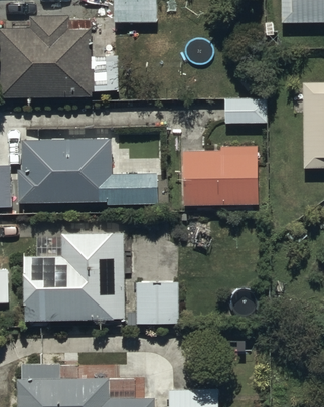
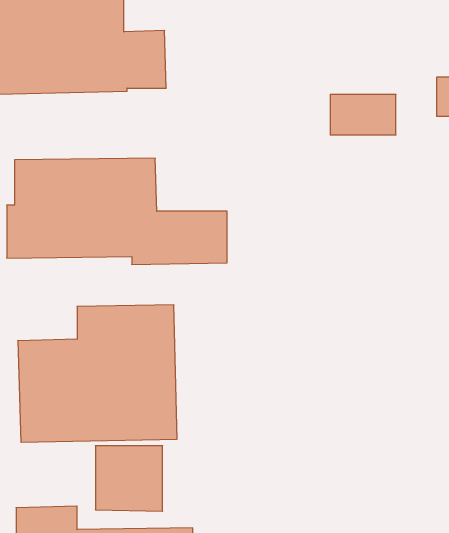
building: [183,146,259,206] -> none
building: [136,282,179,325] -> [95,446,163,511]

